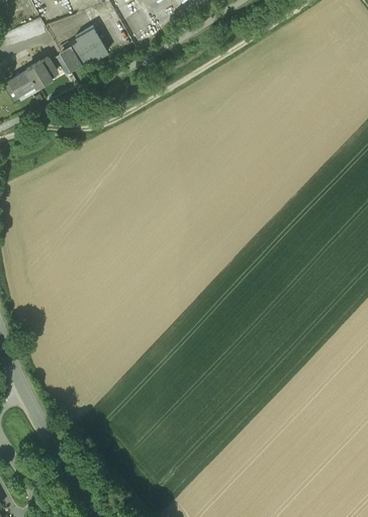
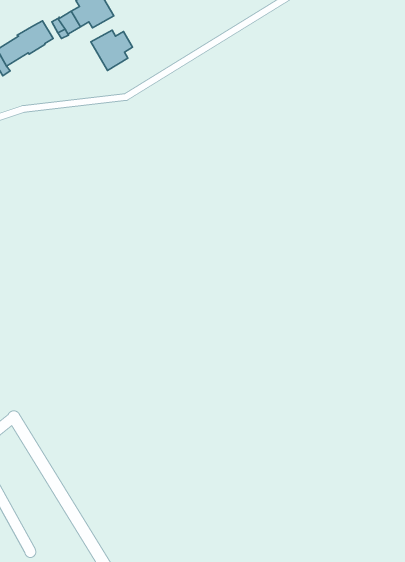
building: none -> [91,30,132,71]

